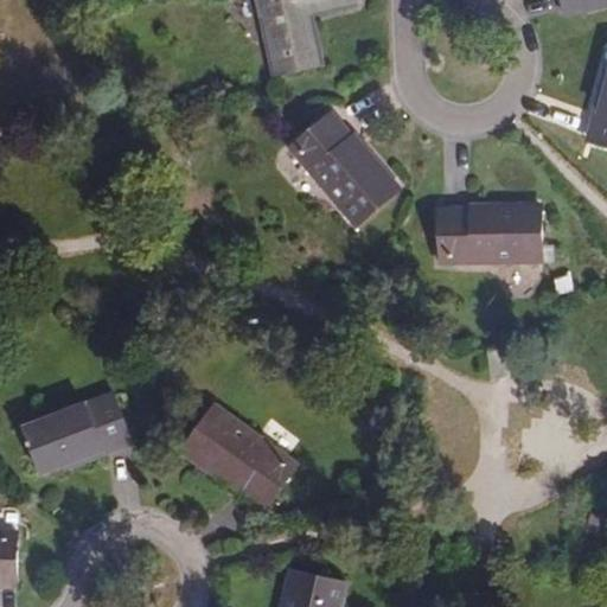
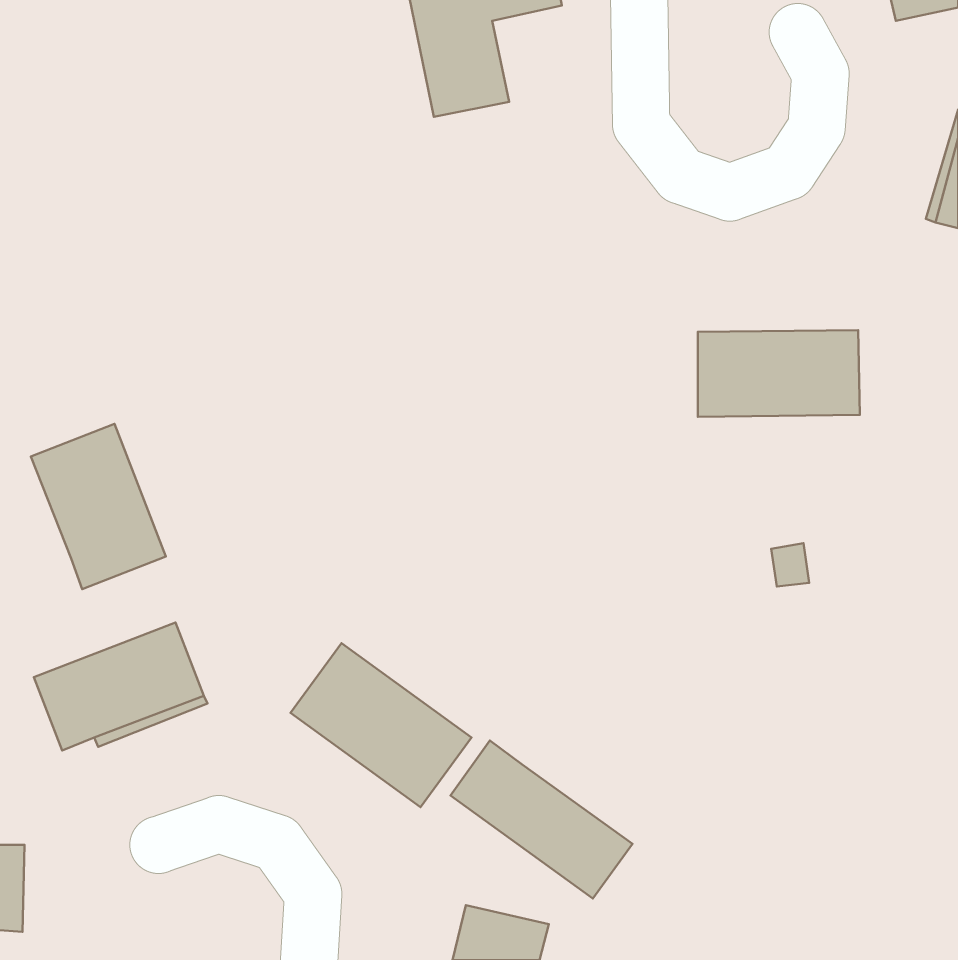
building: [289,111,396,225] -> none
building: none -> [31,424,166,589]
building: none -> [450,740,632,899]

